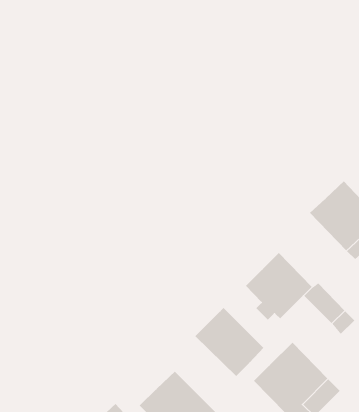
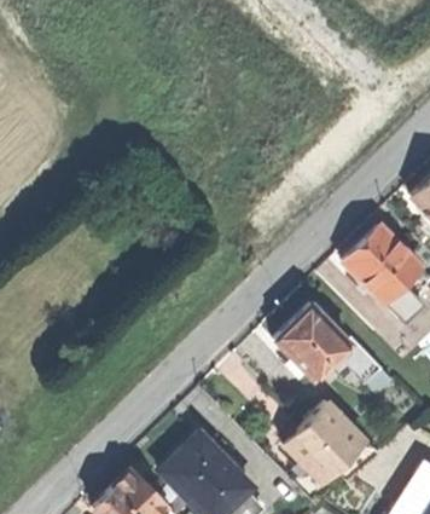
building: [195,307,264,377] -> none

